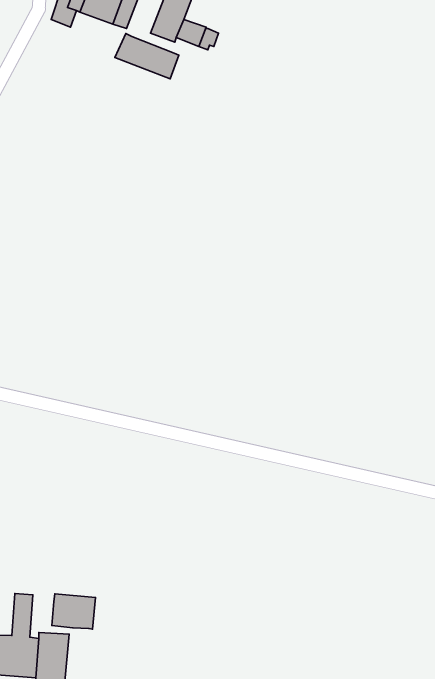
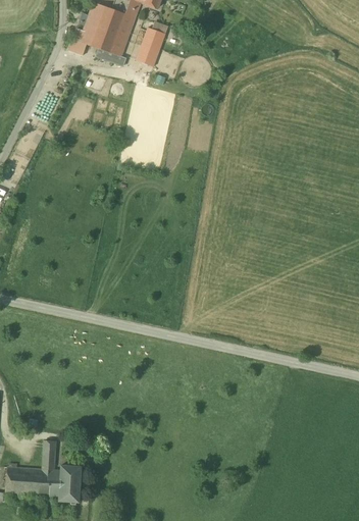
building: [115,33,179,79] -> none
building: [52,594,96,629] -> none

